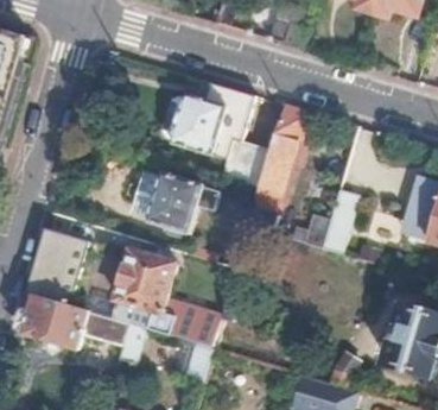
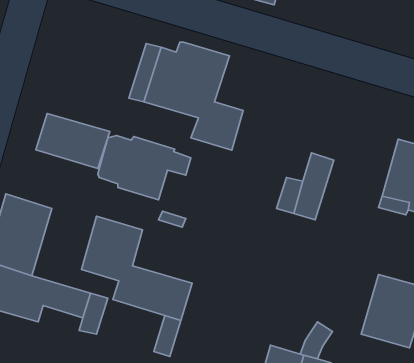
building: [245,103,305,231] -> none
building: none -> [36,114,110,169]

